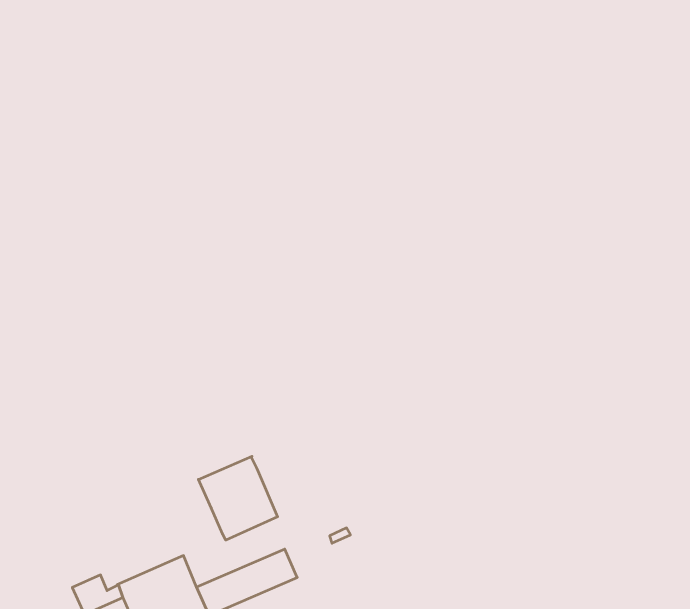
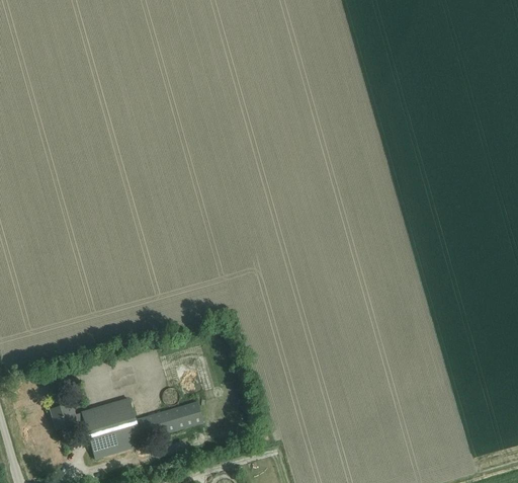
building: [198,456,278,540] -> none

